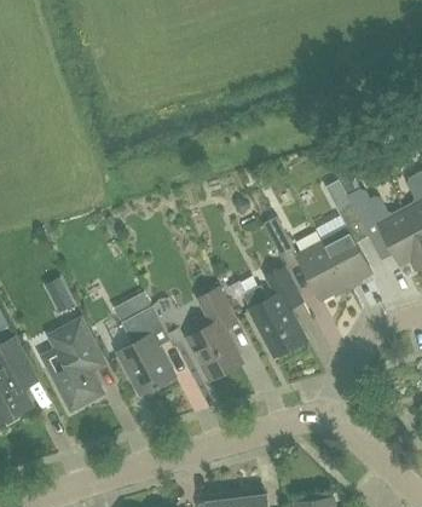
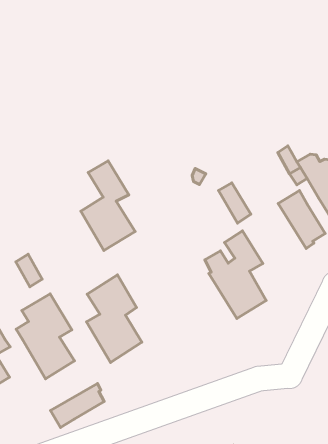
building: [296,240,351,300] -> none
building: [187,287,243,380] -> [81,161,135,251]
building: none -> [50,384,104,427]

